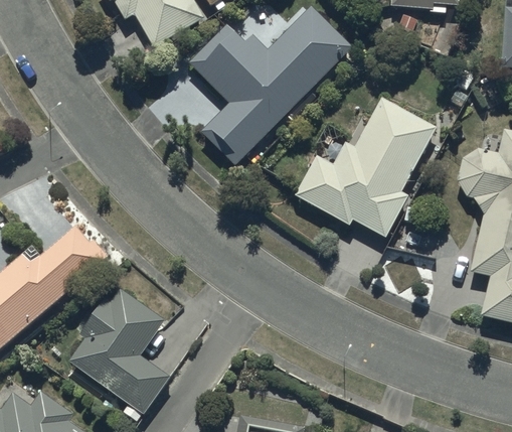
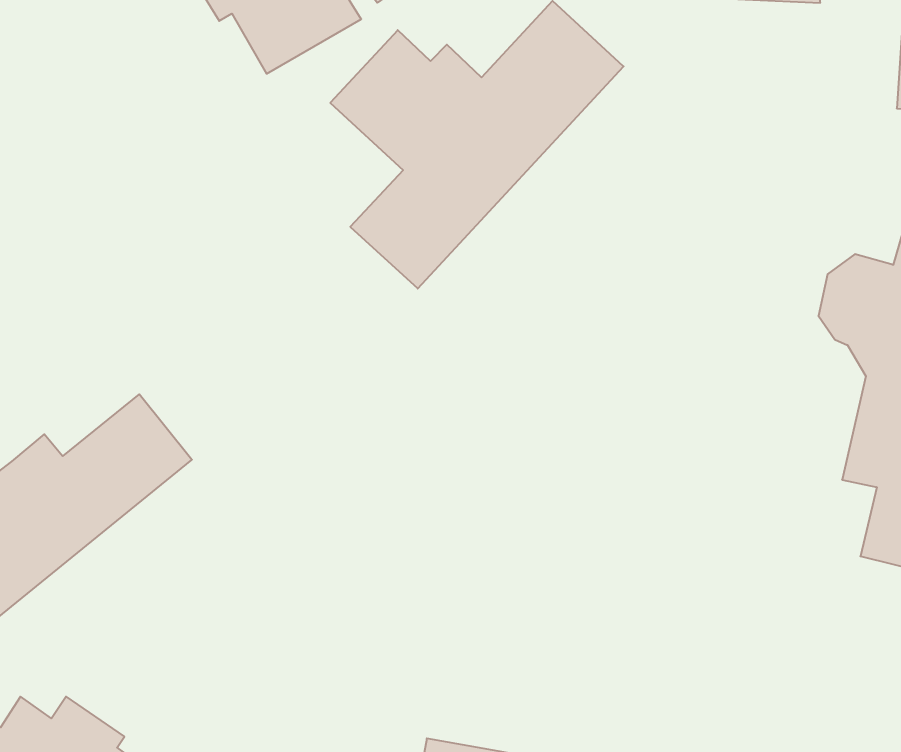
building: [295,96,437,237] -> none
building: [68,291,170,414] -> none

